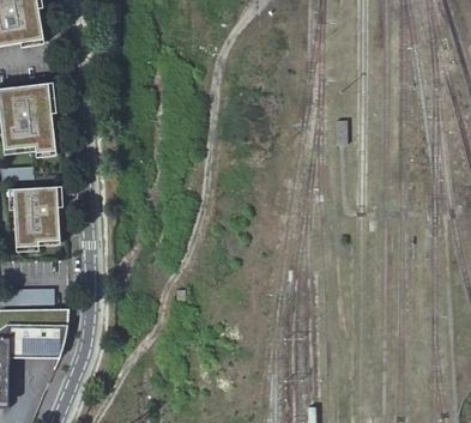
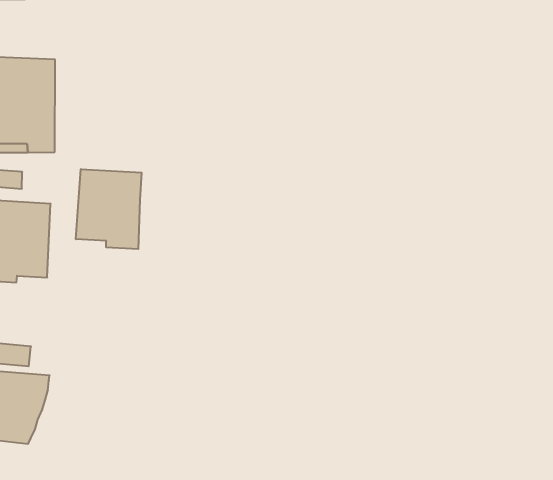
building: none -> [76,169,142,249]

